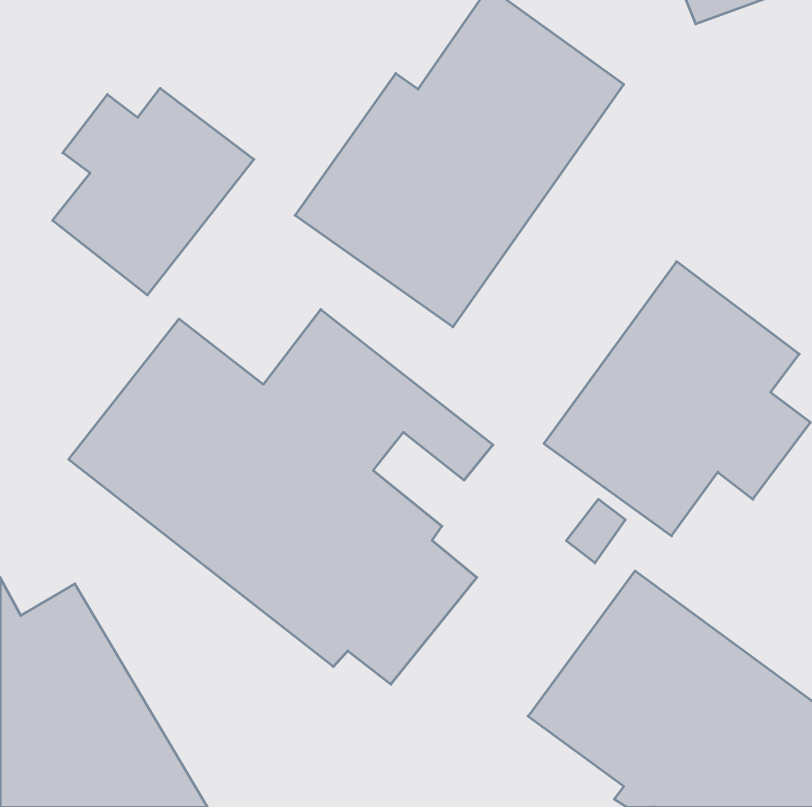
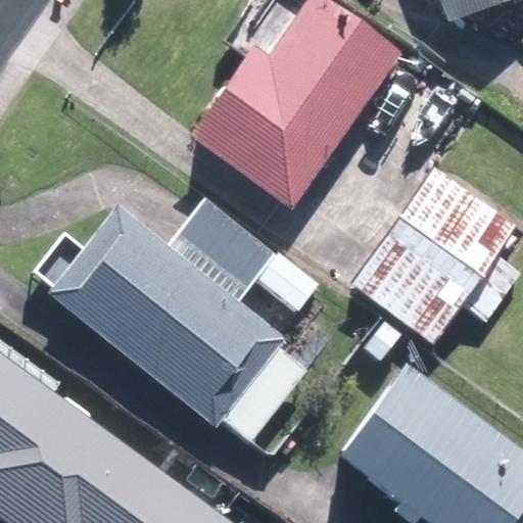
building: [53,88,254,295] -> none

